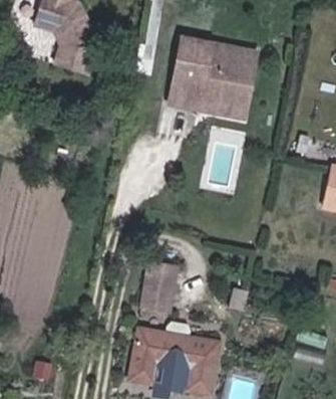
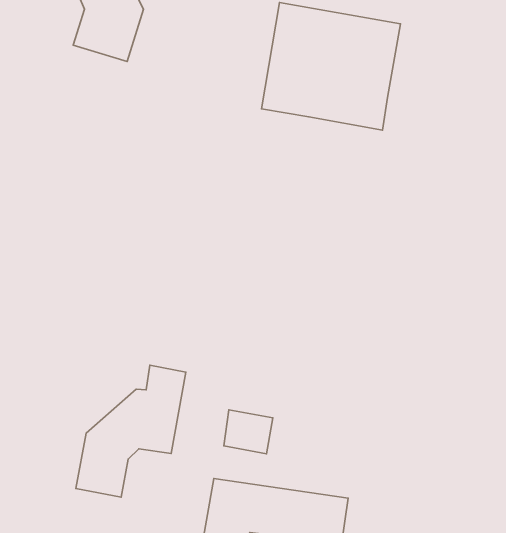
building: [147,257,179,291] -> none
building: none -> [76,365,186,497]

